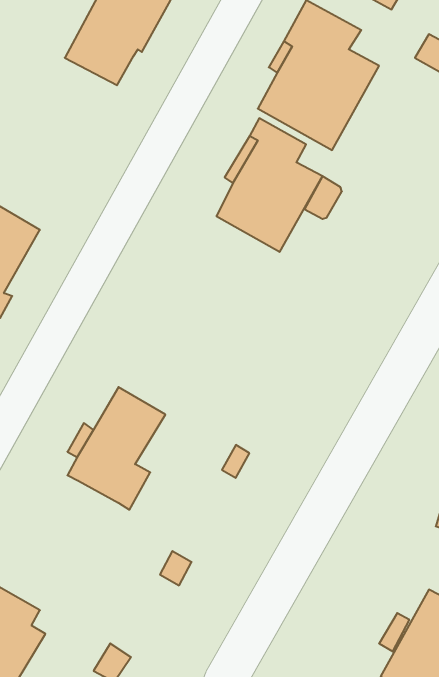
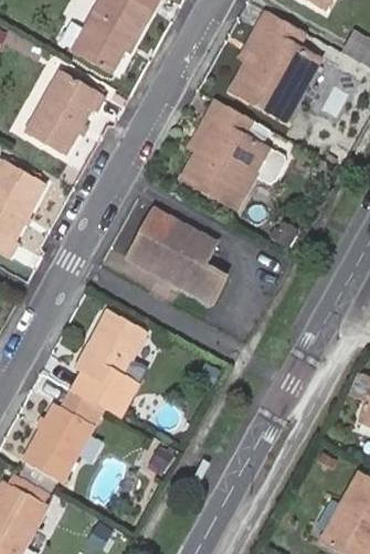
building: none -> [29,74,105,156]
building: none -> [133,203,230,294]
building: none -> [29,388,108,483]

